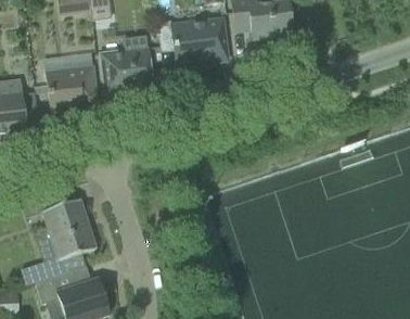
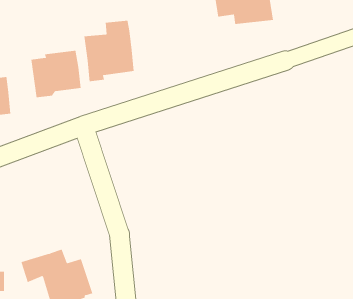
building: [172,17,229,62] -> none
building: [21,197,95,284] -> none

